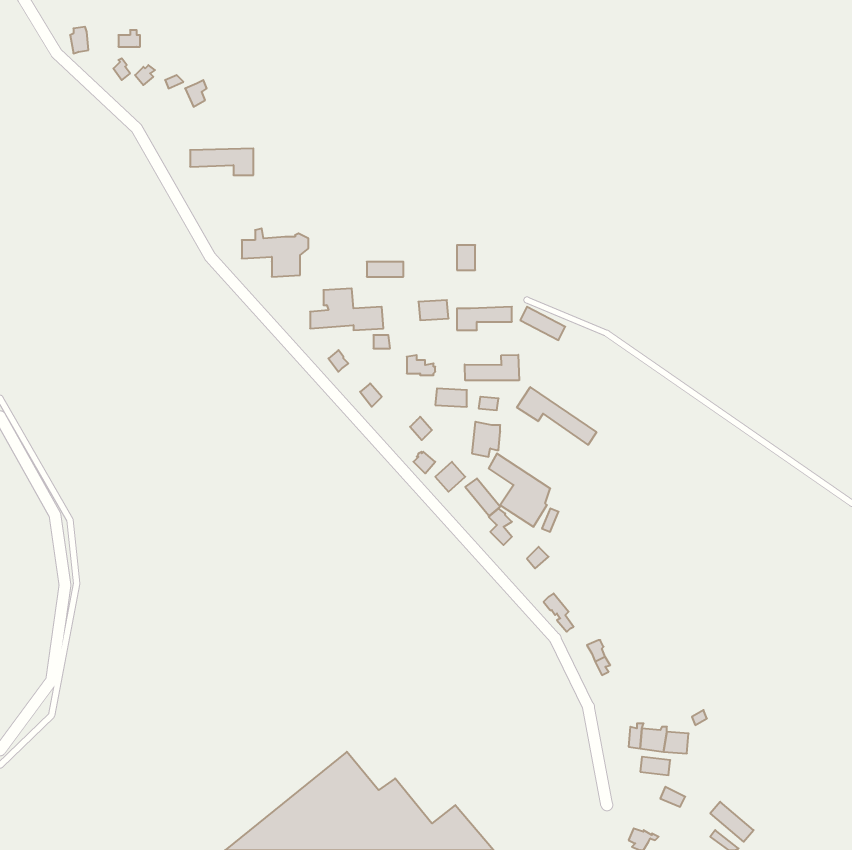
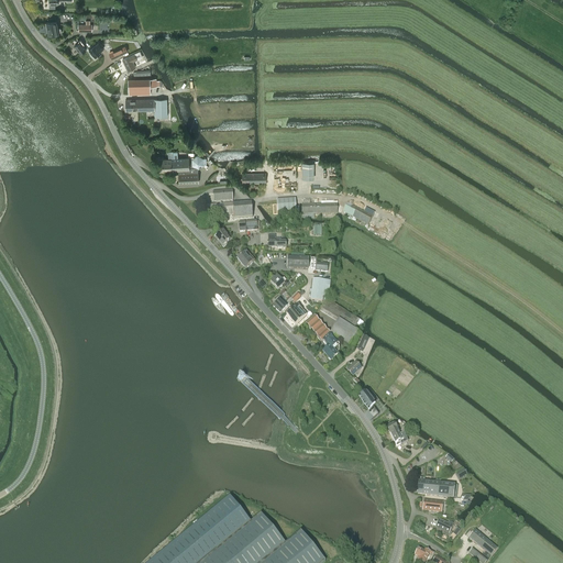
building: none -> [128,77,159,93]
building: [465,355,519,380] -> none
building: [517,387,596,445] -> none

